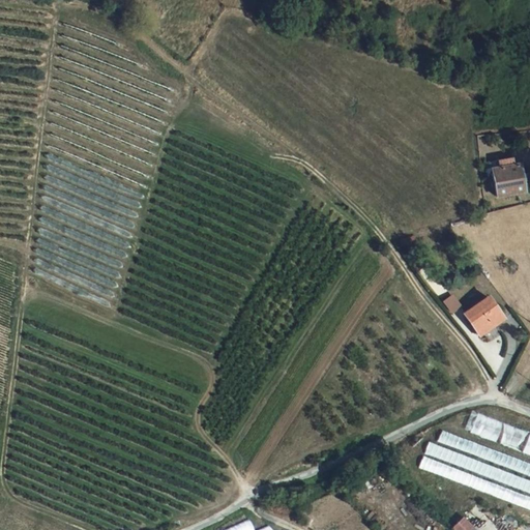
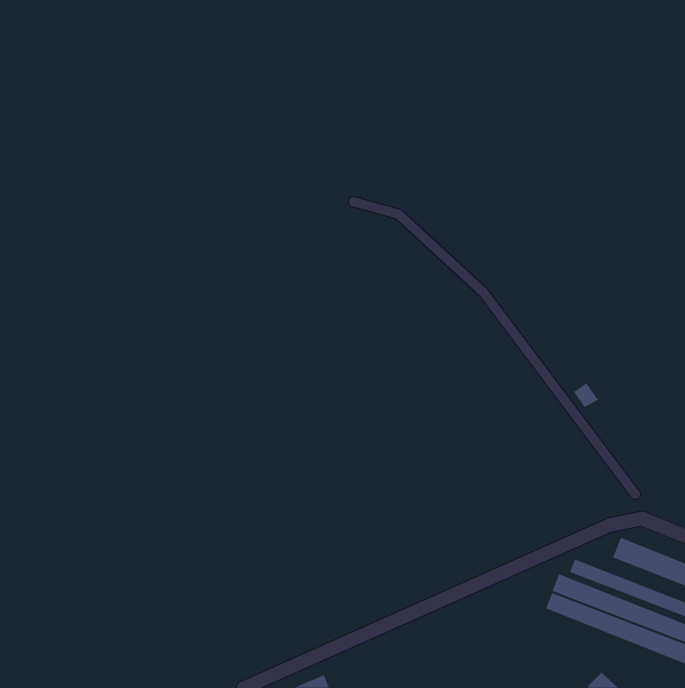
building: [490,159,521,197] -> none
building: [469,299,507,337] -> none

